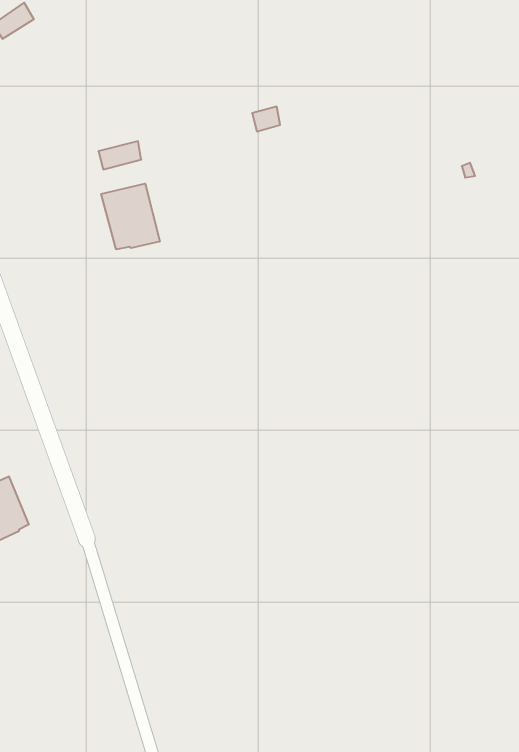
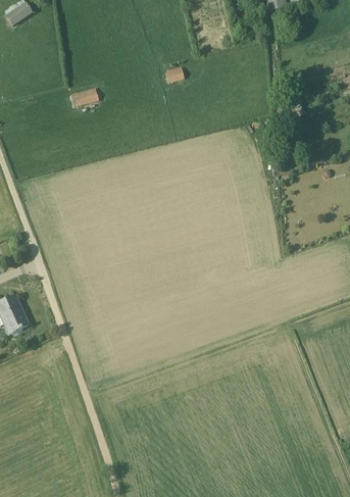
building: [101,184,160,249] -> none

